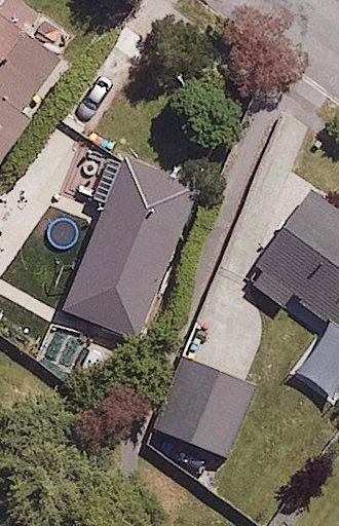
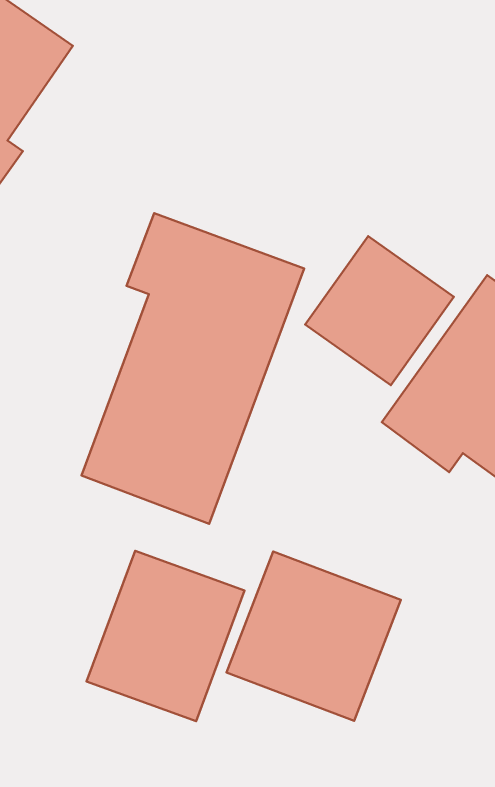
building: none -> [305,236,454,385]
building: none -> [87,551,245,721]

